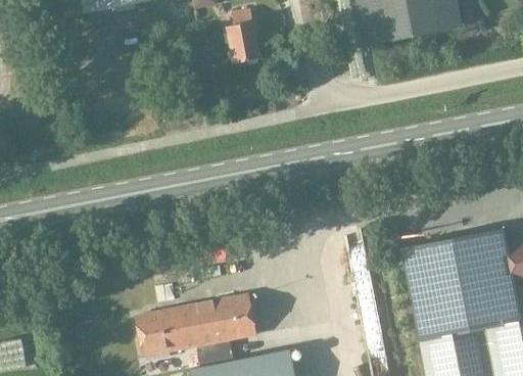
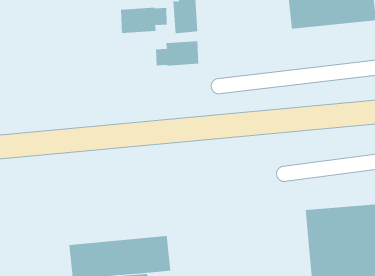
building: none -> [120,7,167,34]
building: none -> [156,40,199,66]

